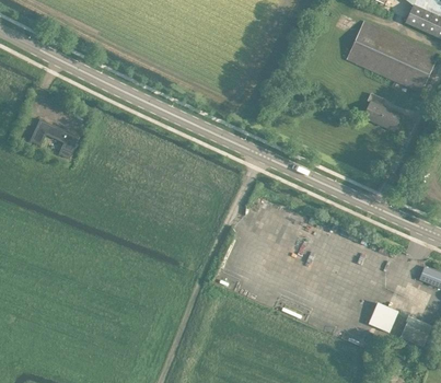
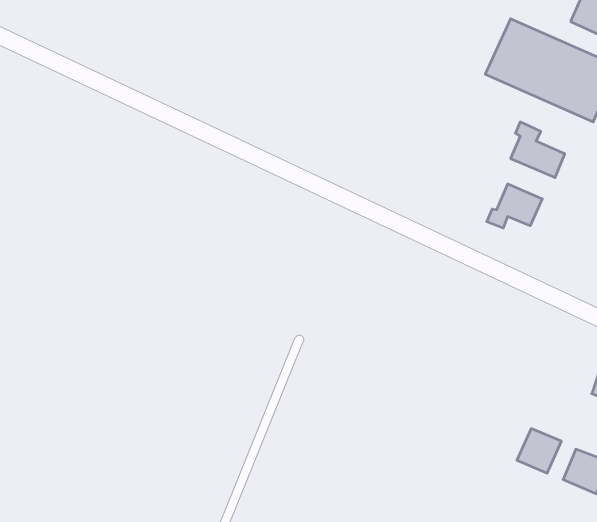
building: [31,119,80,158] -> none
building: none -> [487,184,542,228]

